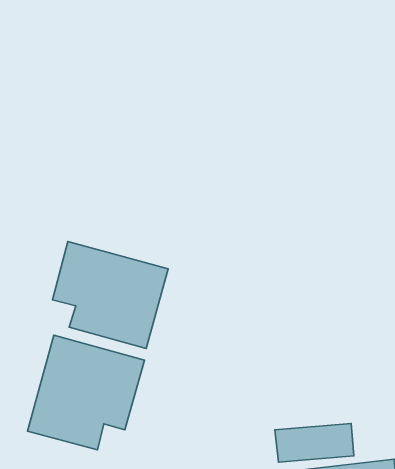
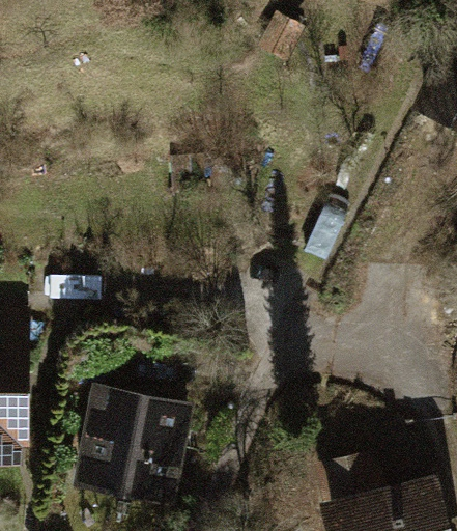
building: [53,241,168,349] -> none

